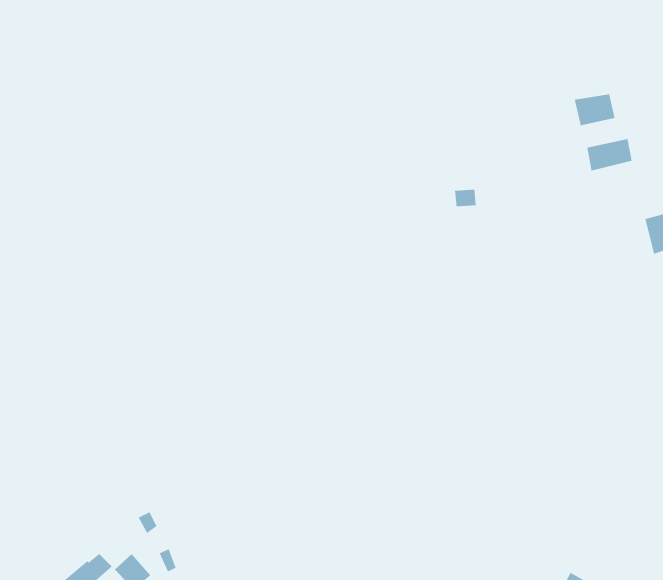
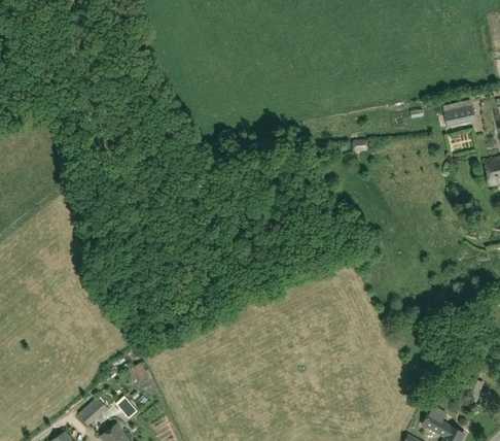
building: [574,93,615,126] -> none

